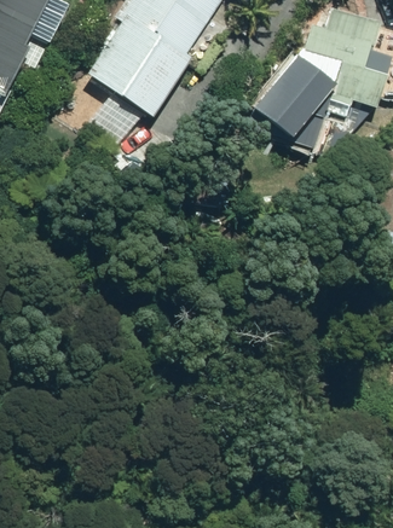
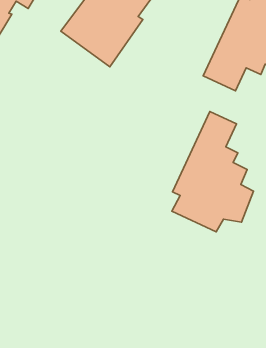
building: none -> [172,112,253,232]

